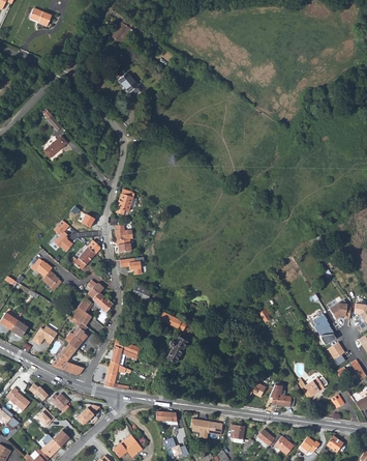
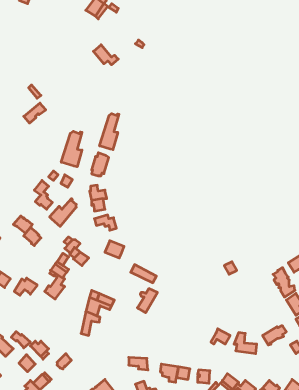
building: none -> [100,114,119,150]
building: none -> [61,131,82,167]
building: [51,342,84,375] -> none

